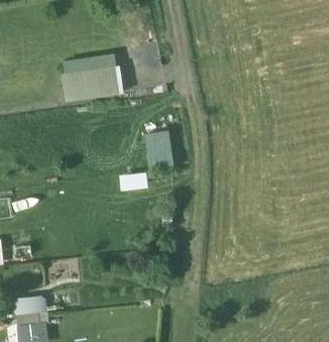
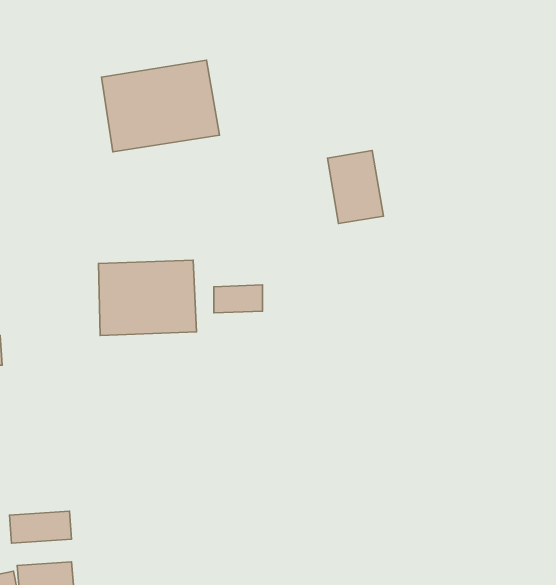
building: [144,129,175,168] -> [327,151,384,224]
building: none -> [99,260,197,335]

